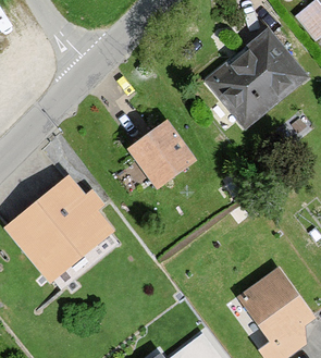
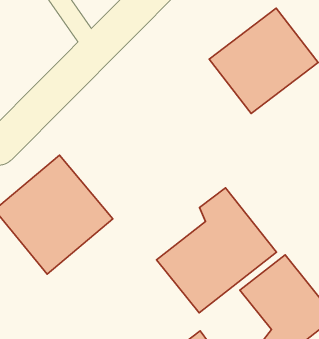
building: [124,116,195,187] -> none
building: none -> [156,188,277,313]

